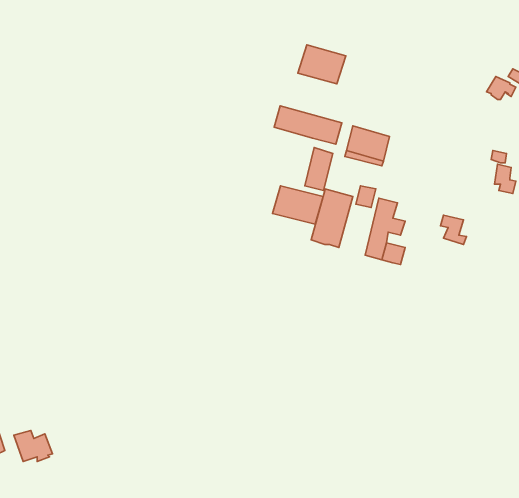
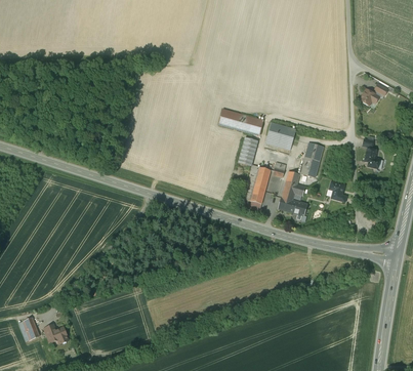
building: [298,45,346,84] -> none
building: none -> [300,141,324,176]
building: [272,186,323,224] -> none

